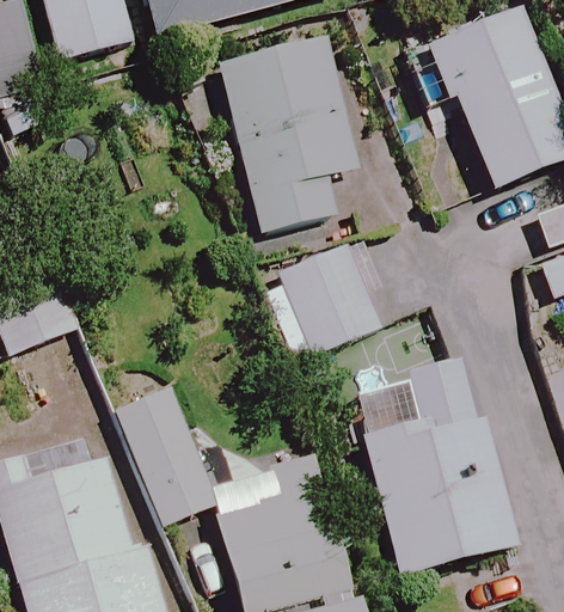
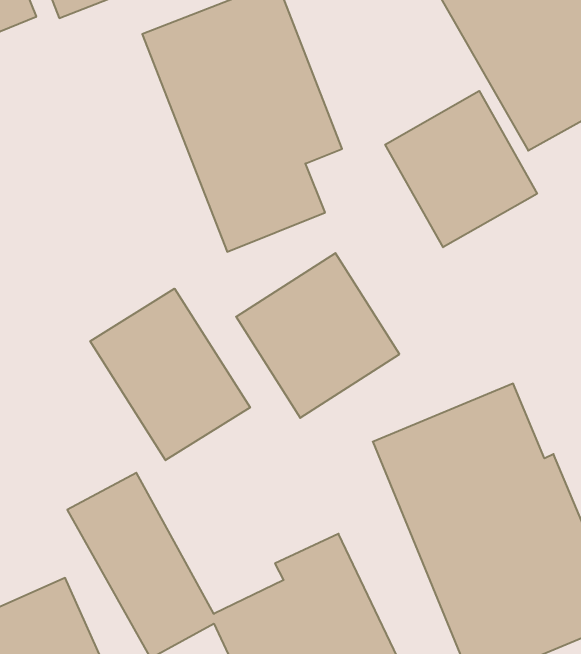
building: none -> [385,91,537,247]
building: none -> [90,289,250,460]

